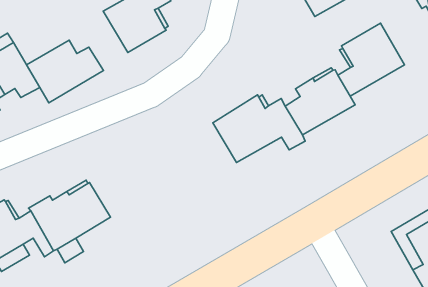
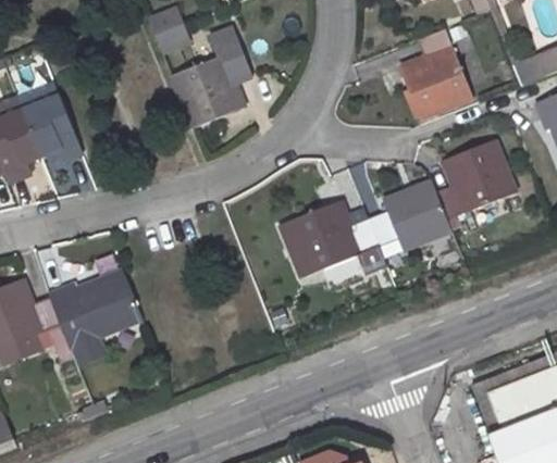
building: [26,40,103,103] -> none

